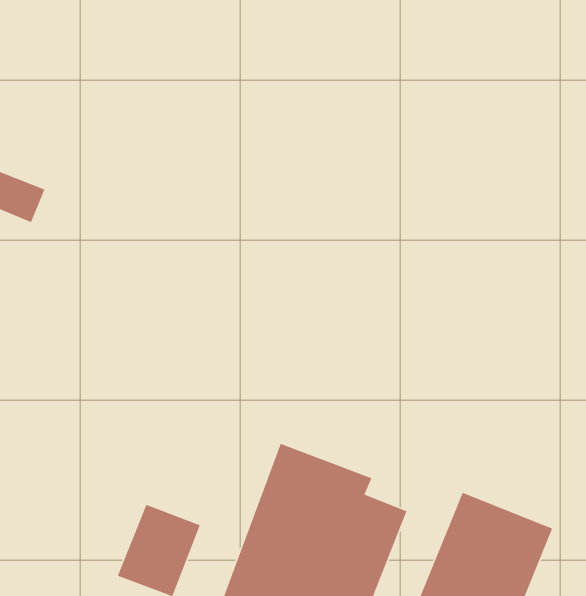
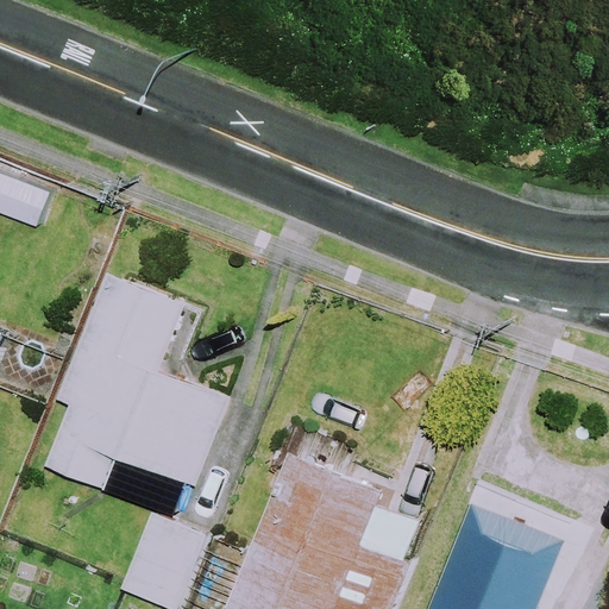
building: none -> [48,275,227,489]

